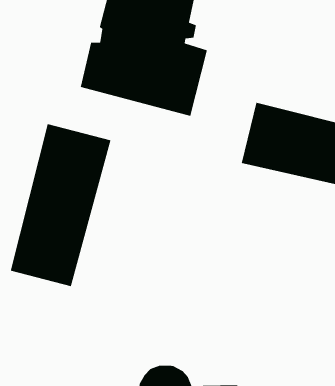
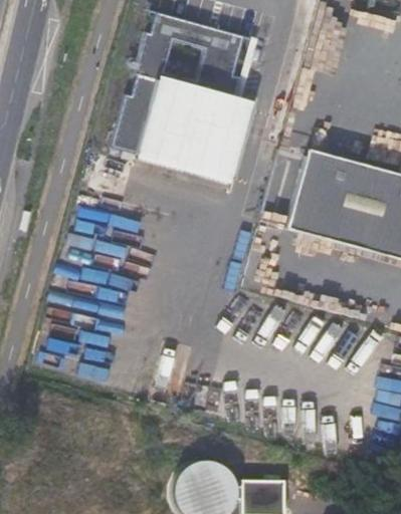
building: [10,123,112,287] -> none

